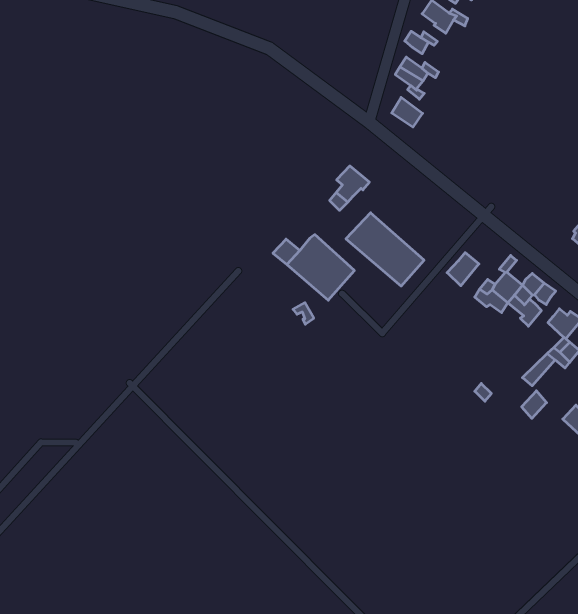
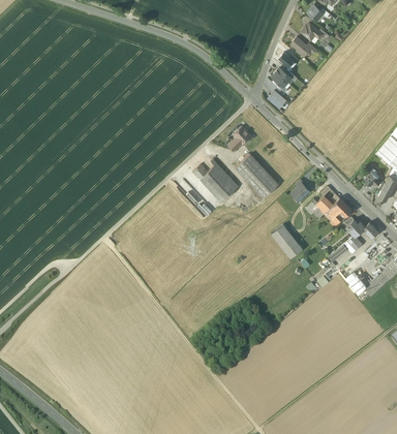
building: none -> [271,223,302,257]

